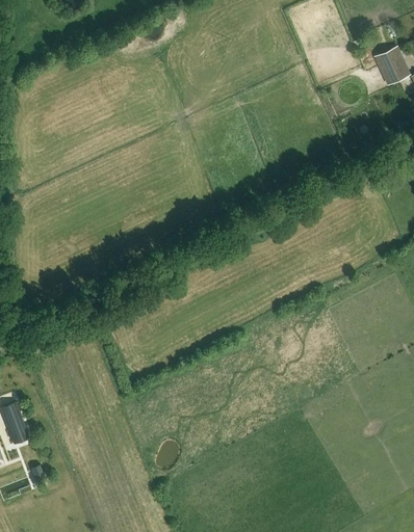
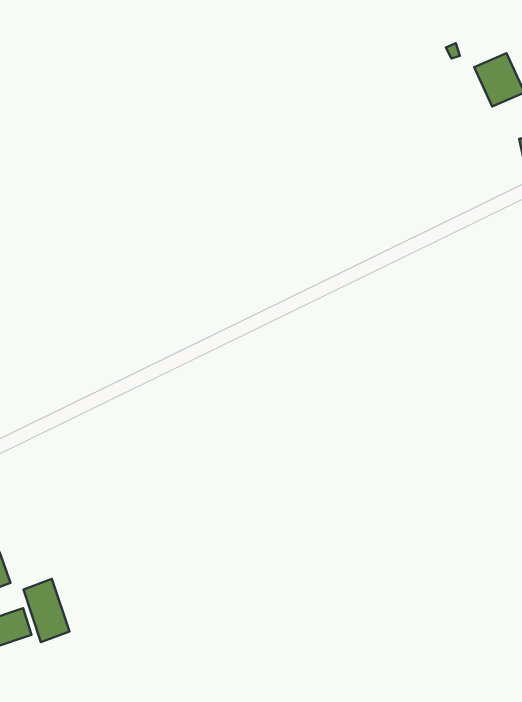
building: none -> [23,579,69,642]

